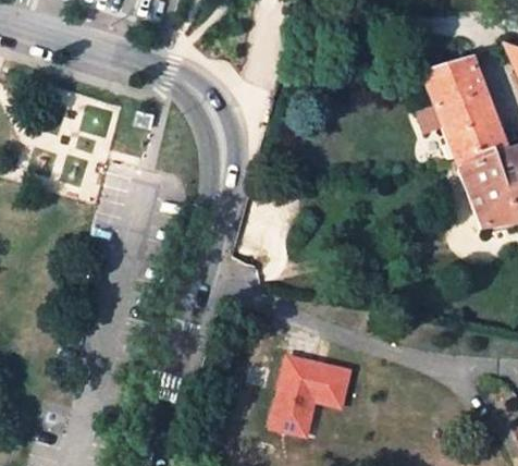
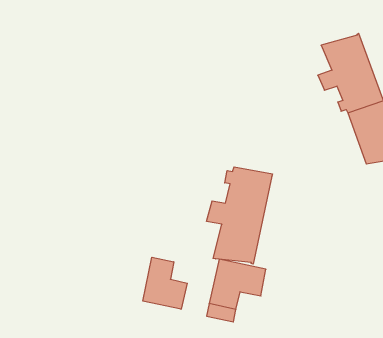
building: none -> [207,167,272,264]
building: none -> [143,257,187,309]

